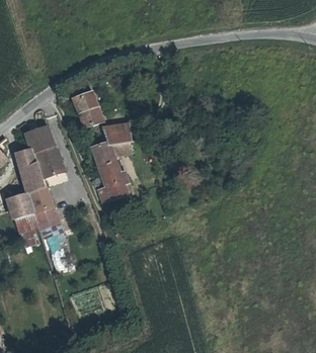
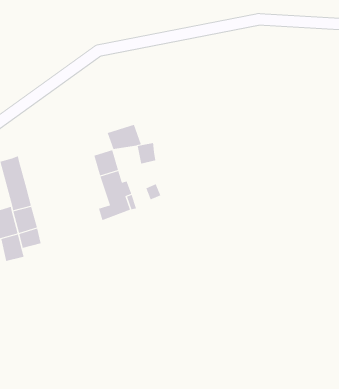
building: [72,86,104,128] -> none
building: [28,125,59,175] -> none

